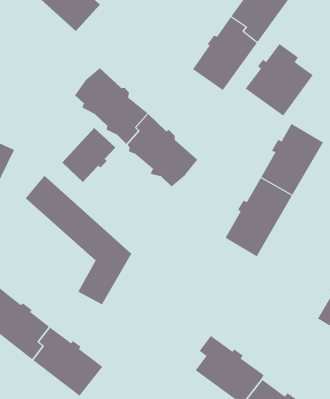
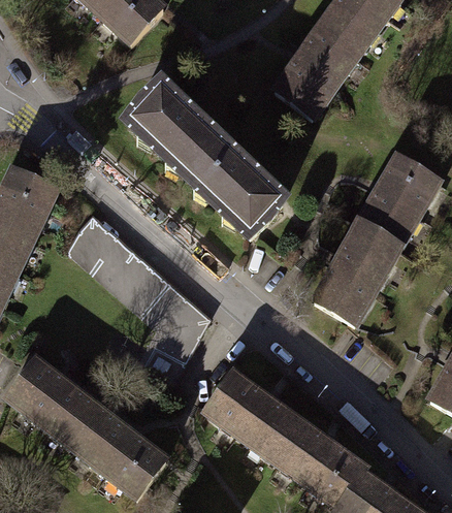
building: [245,43,314,117] -> none
building: [61,127,116,183] -> none
building: none -> [206,372,299,461]

